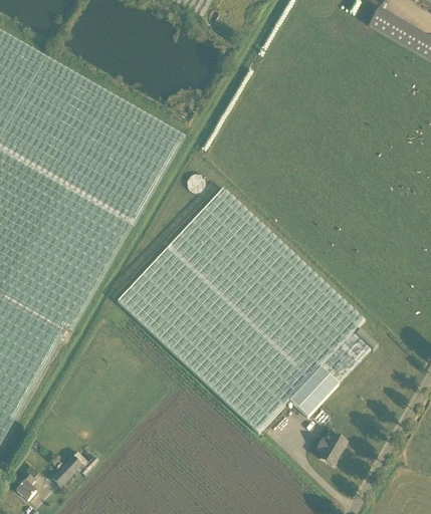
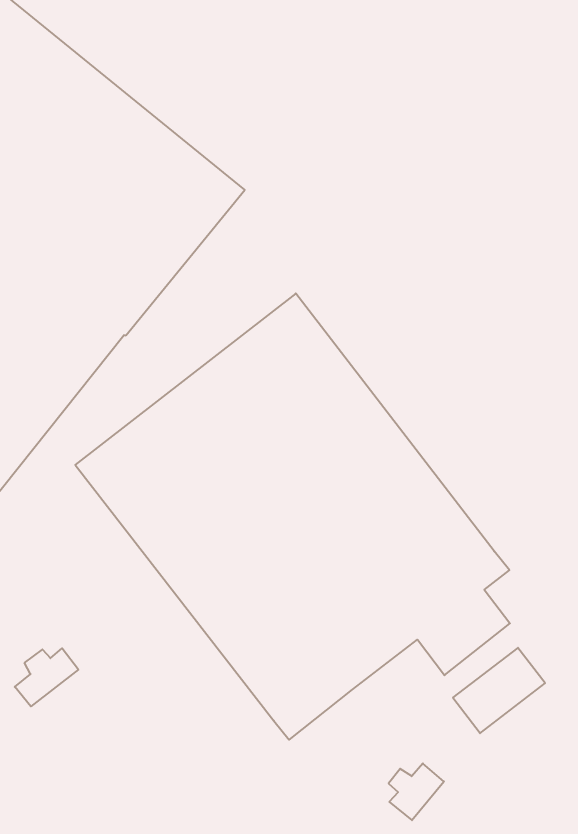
building: [287,364,337,415] -> [453,648,545,733]
building: none -> [15,648,78,706]

